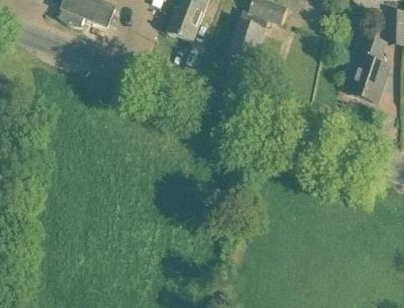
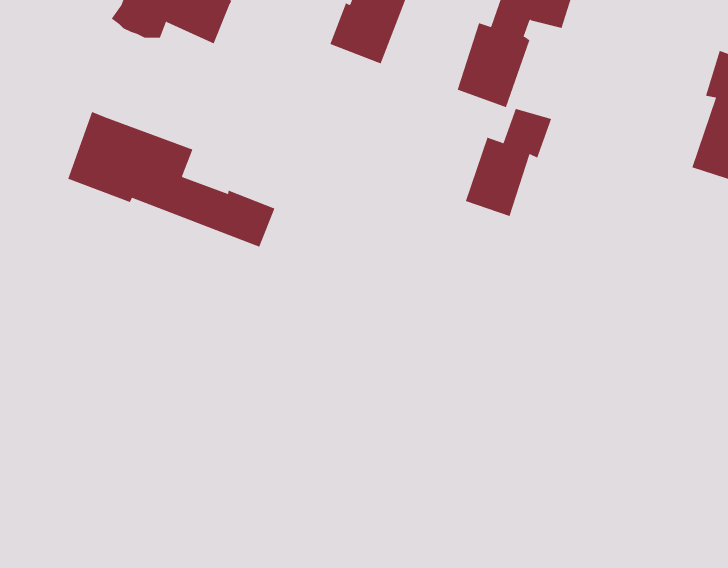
building: none -> [465,108,552,217]
building: none -> [67,111,275,247]

